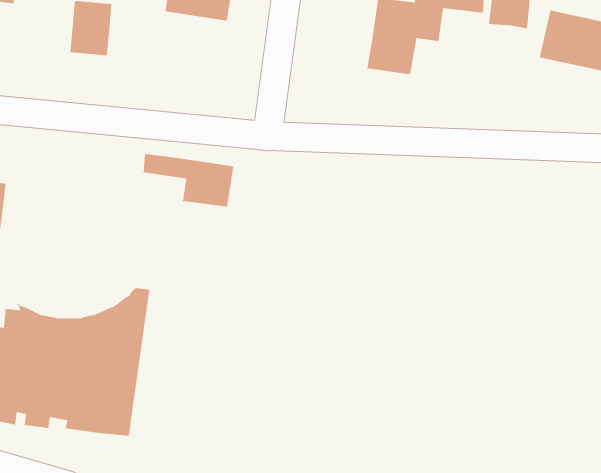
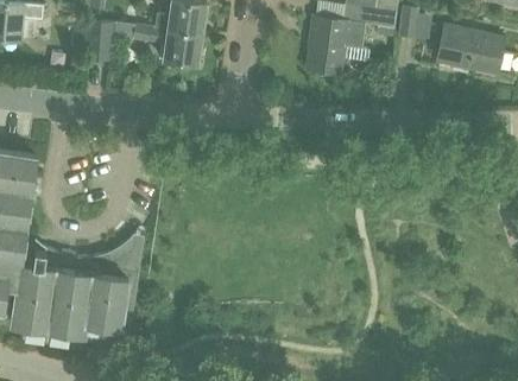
building: [143,154,234,207] -> [133,24,202,64]

